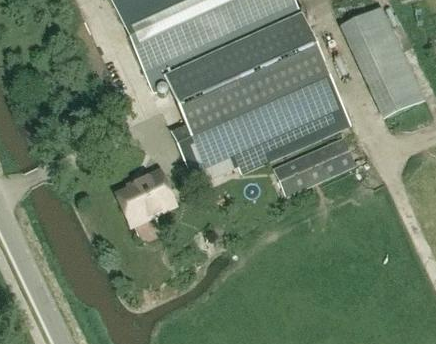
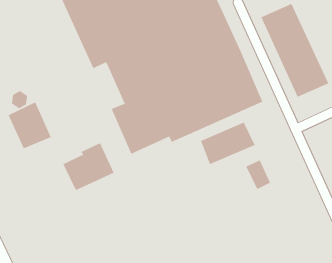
building: none -> [8,102,52,149]
building: [326,137,355,172] -> [246,160,271,190]

